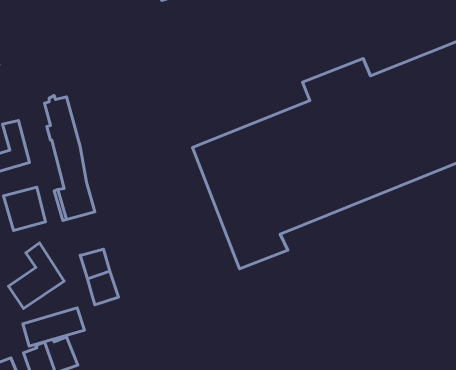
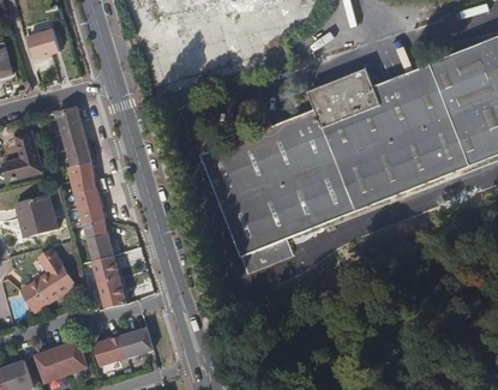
building: none -> [28,29,60,60]
building: none -> [82,218,113,260]
building: [23,308,85,346] -> [92,328,152,365]

